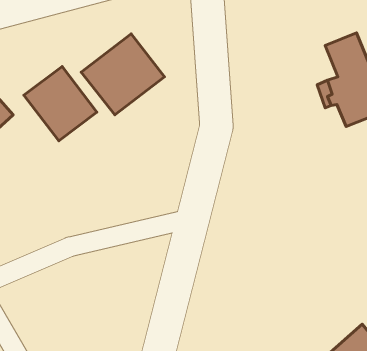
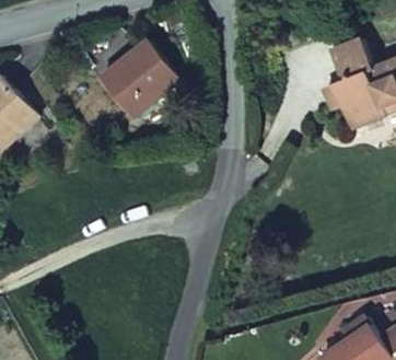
building: [24,67,97,141] -> none

